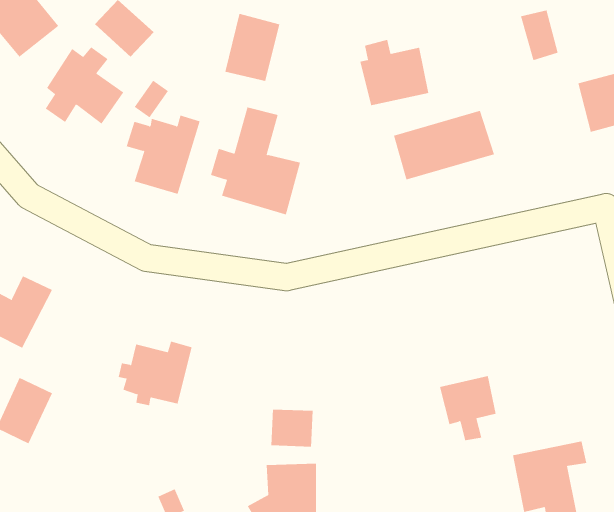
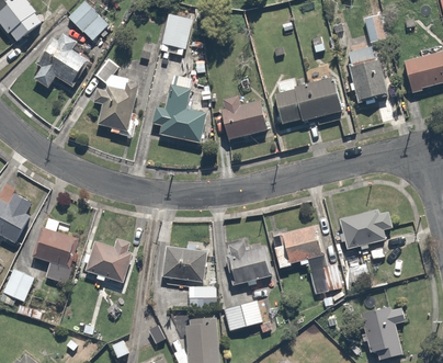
building: [359,39,429,106] -> [220,95,269,141]
building: none -> [347,50,389,104]
building: none -> [338,209,394,248]
building: none -> [32,215,88,283]
building: none -> [282,223,327,262]
building: none -> [224,237,273,285]
building: none -> [162,243,209,283]
building: none -> [224,298,263,331]

